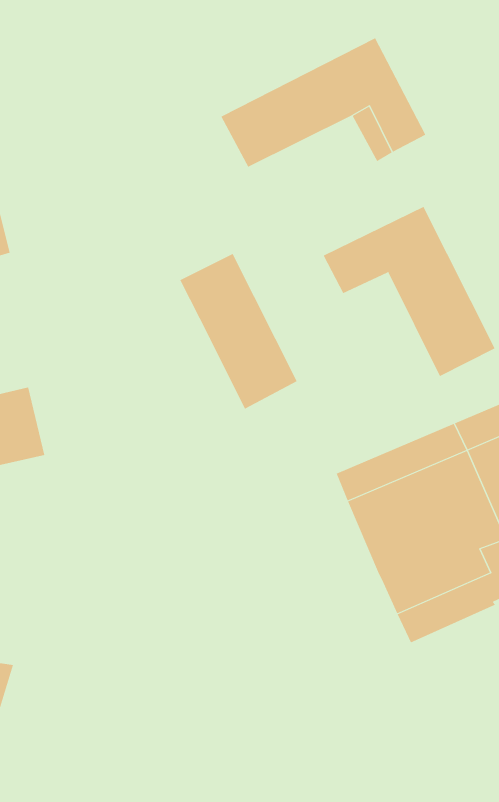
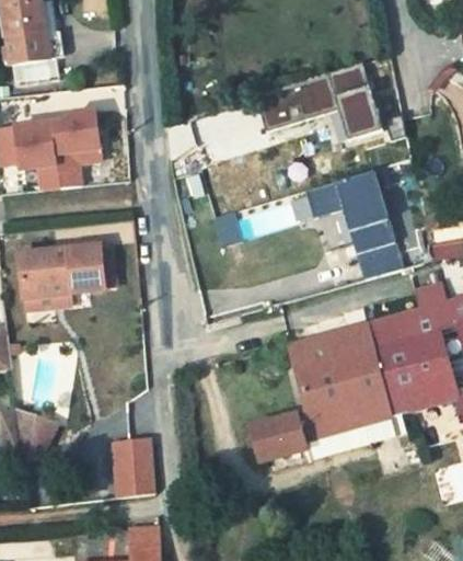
building: [179,253,297,410] -> none
building: none -> [246,405,313,463]
building: none -> [111,438,155,499]

